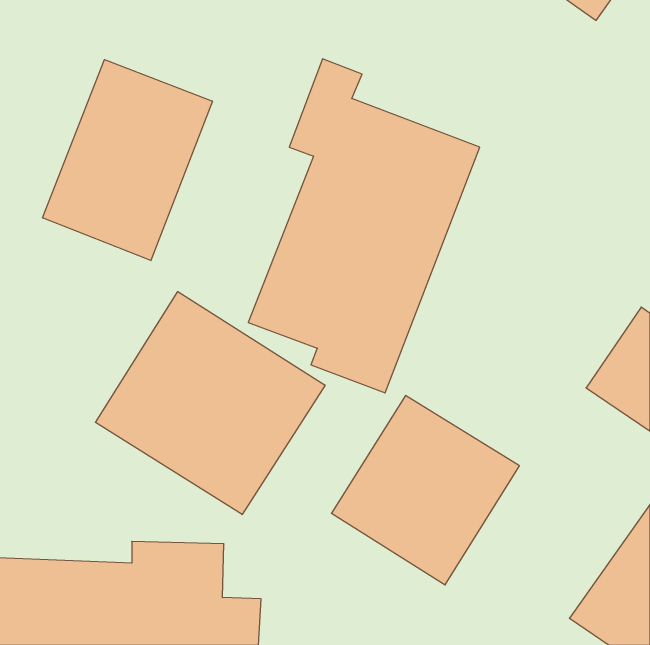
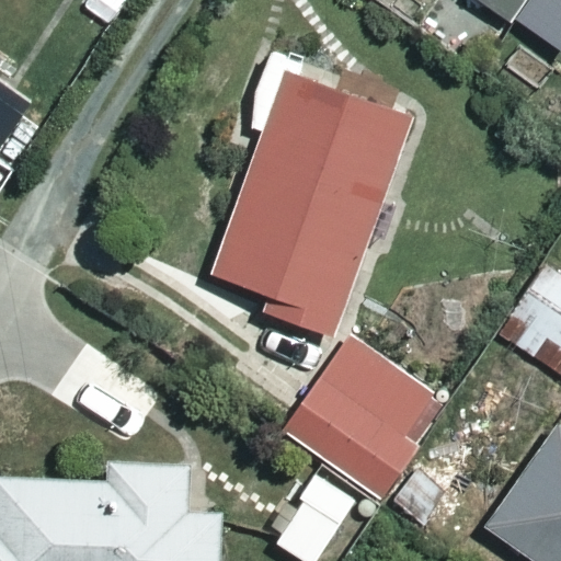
building: [43,60,212,261] -> none
building: [95,292,325,515] -> none

